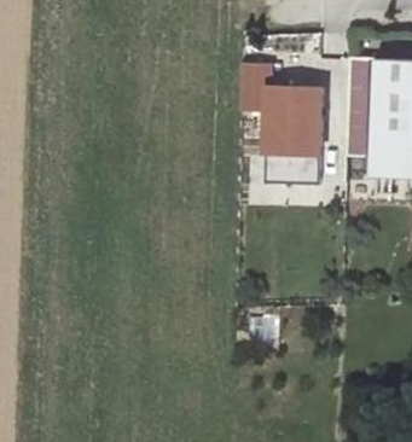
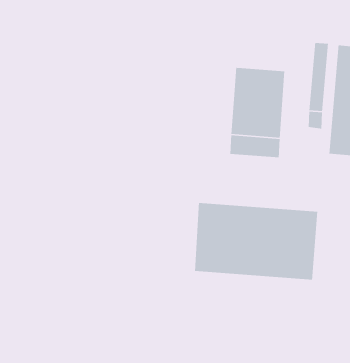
building: [239,63,267,107] -> none
building: none -> [194,202,318,280]

